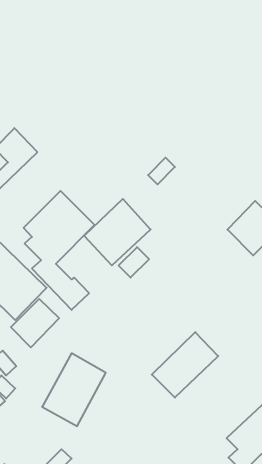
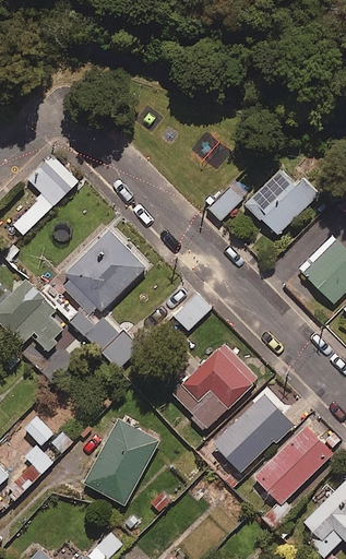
building: none -> [244,168,318,235]
building: [84,199,151,265] -> [172,349,251,428]
building: [11,299,59,347] -> none
building: none -> [254,427,332,526]

